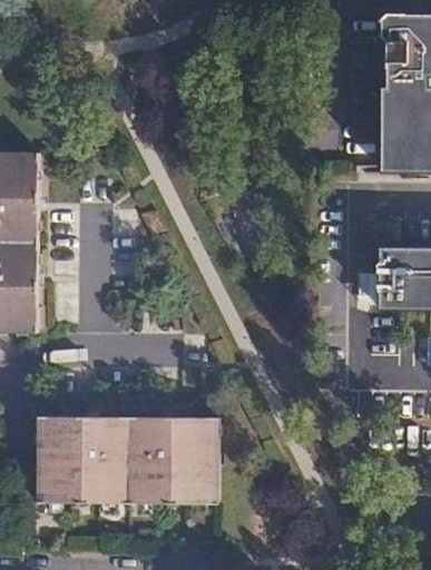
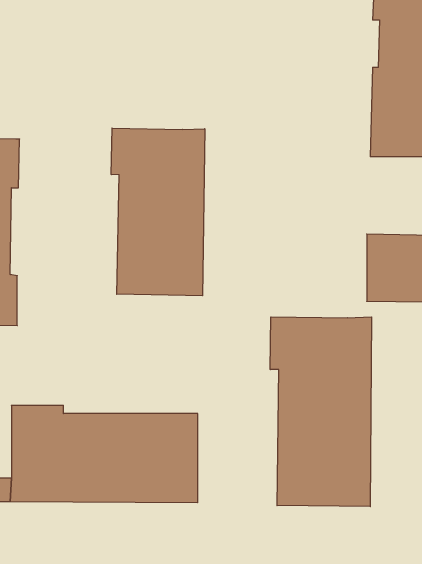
building: none -> [111,128,205,296]
building: none -> [270,317,371,507]

